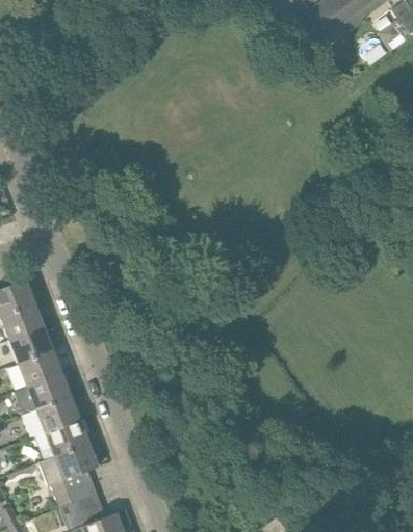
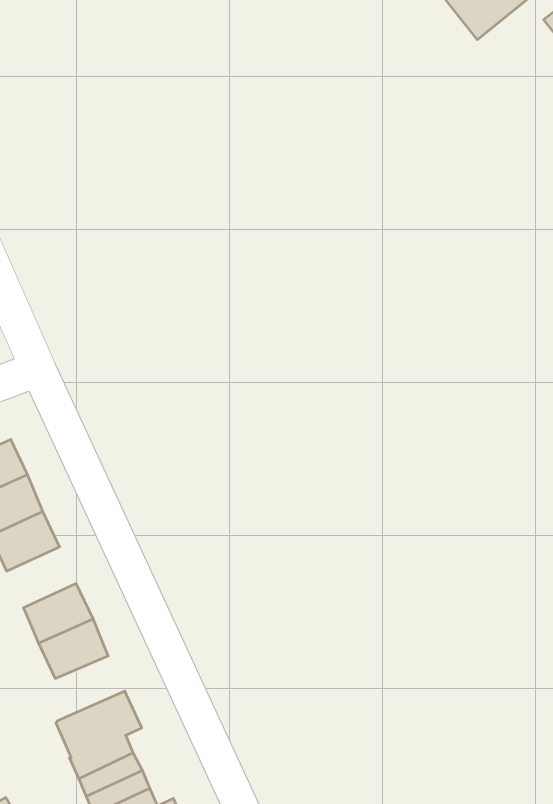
building: [18,348,61,385] -> none
building: [35,419,88,458] -> none

